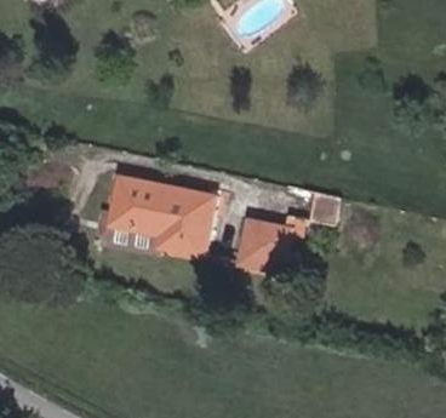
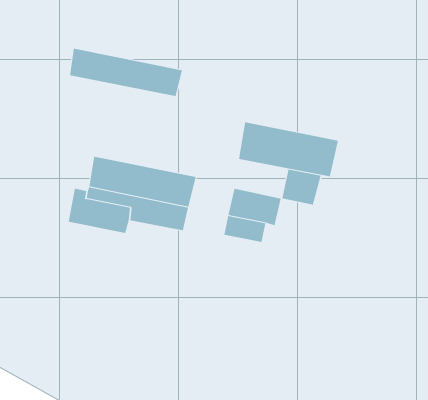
building: none -> [70,48,182,97]
building: none -> [239,121,338,177]

